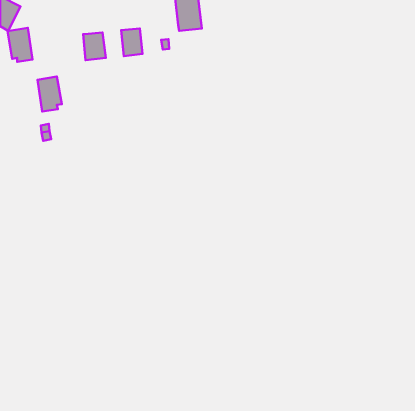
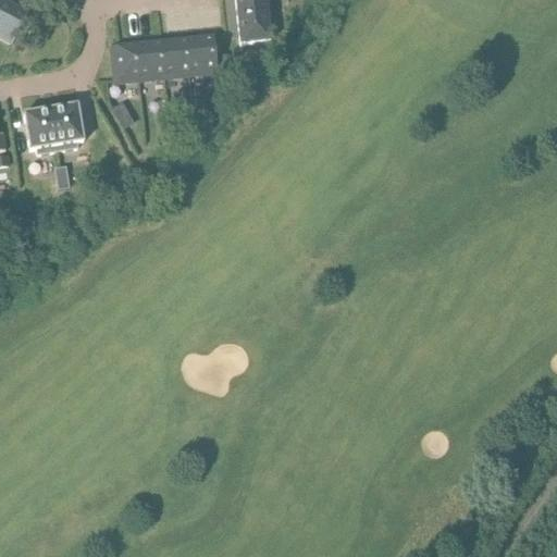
building: none -> [188,36,216,72]
building: [7,28,33,62] -> [24,107,58,152]
building: none -> [138,40,166,77]

